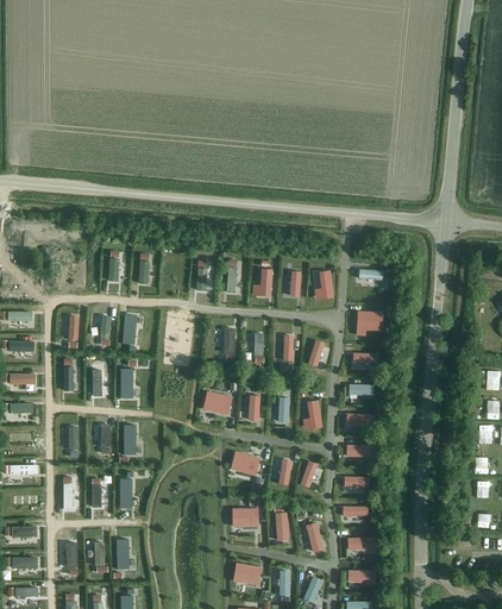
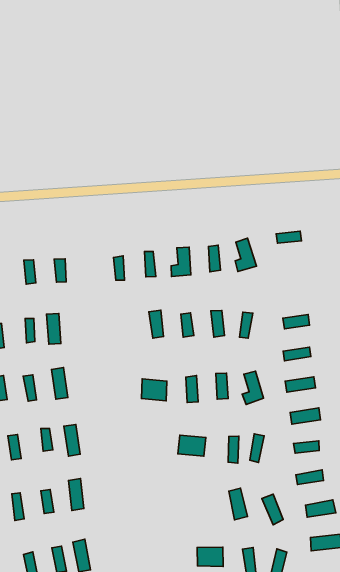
building: [357,310,384,335] -> none
building: [232,508,258,527] -> none

